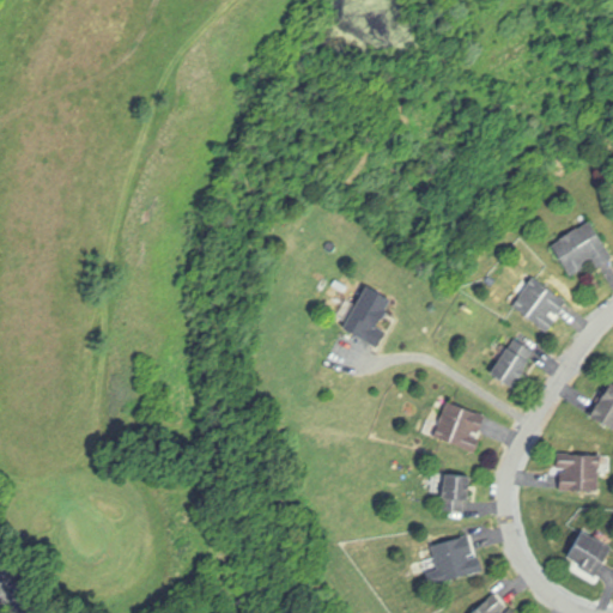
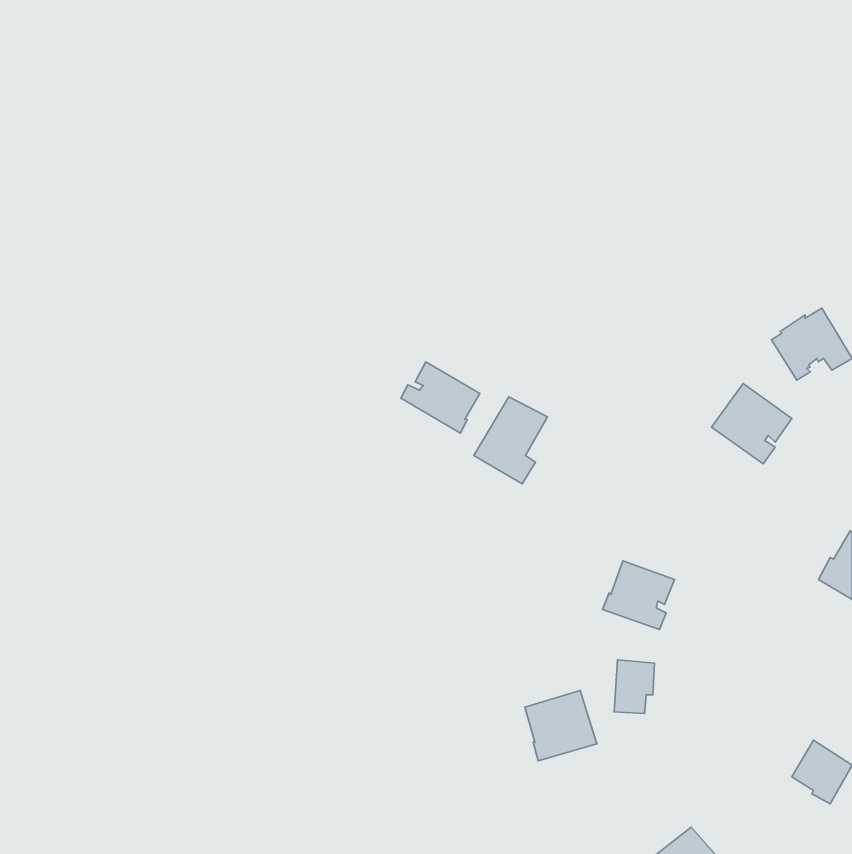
building: none -> [401,362,480,433]
building: [487,339,533,387] -> none
building: [557,454,600,492] -> none
building: [429,533,480,583] -> [525,690,597,761]

